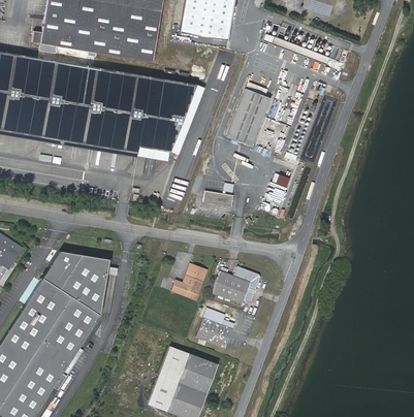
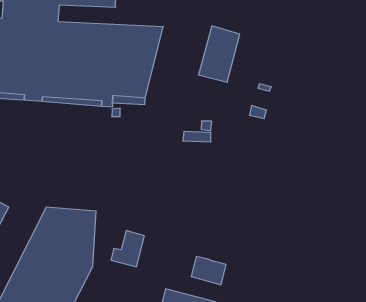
building: [171,263,208,300] -> [111,231,144,267]
building: [214,266,262,304] -> none

